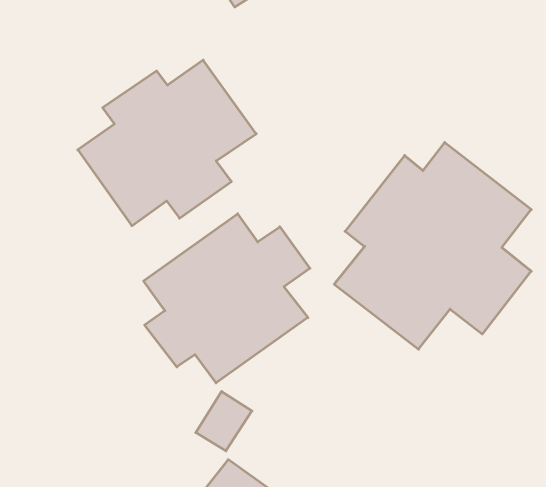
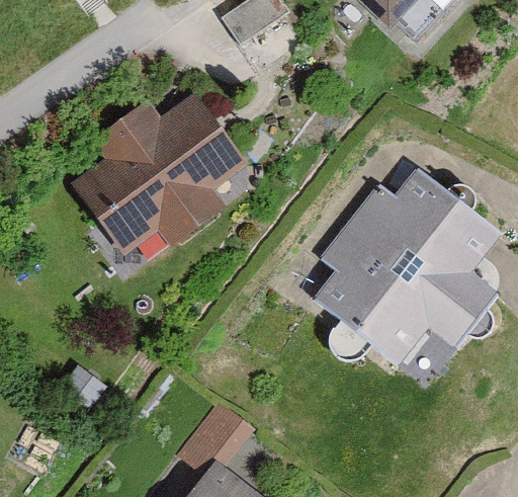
building: [144,214,310,383] -> none

